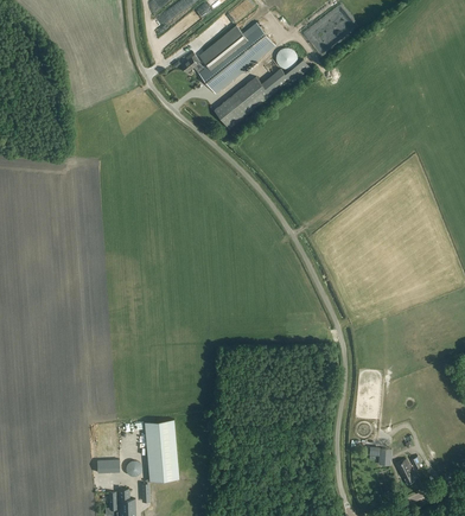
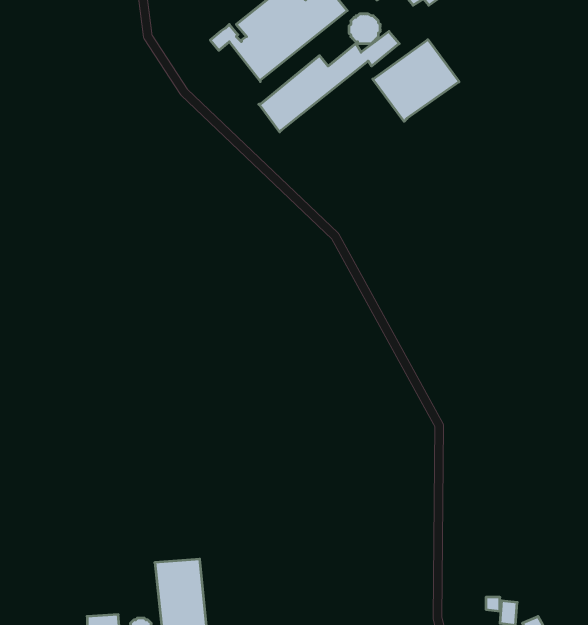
building: none -> [373,40,459,121]

